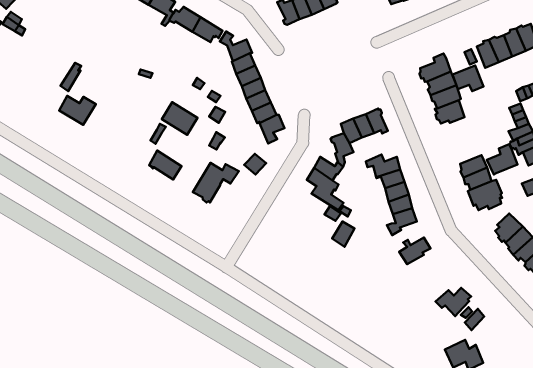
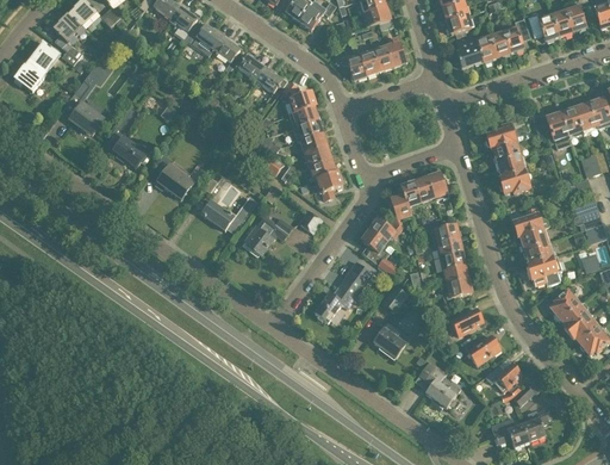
building: none -> [70,58,111,135]
building: [453,66,484,91] -> none
building: [162,102,198,135] -> [157,165,194,199]
building: [487,144,518,174] -> [512,207,543,237]
building: none -> [315,261,373,323]
building: none -> [373,321,411,358]
building: none -> [463,335,500,365]
building: none -> [419,360,461,408]
building: none -> [523,409,549,442]

